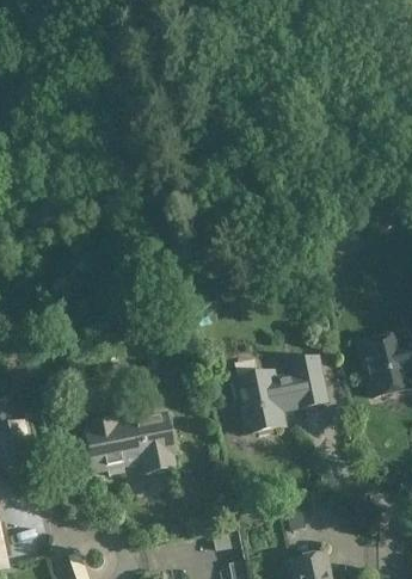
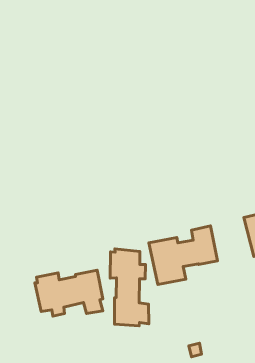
building: none -> [110,249,149,326]

